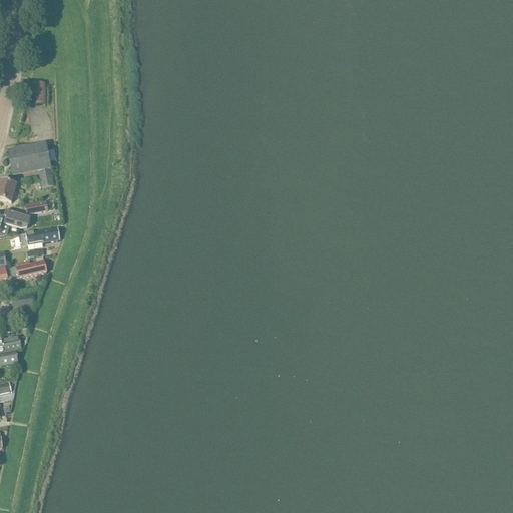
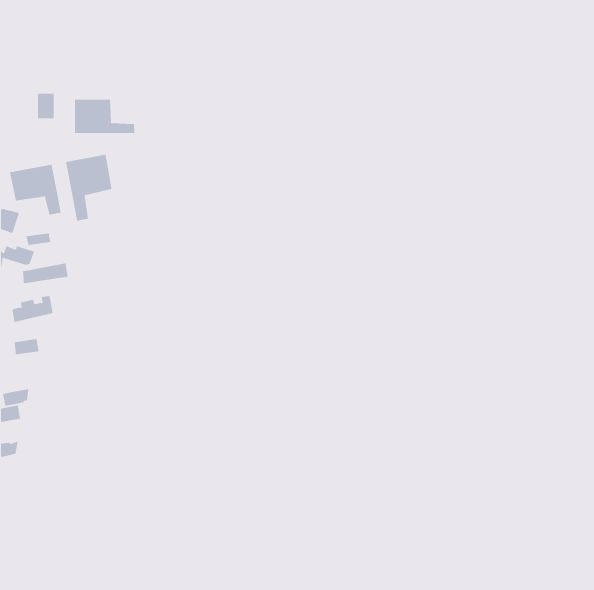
building: none -> [74,99,135,134]
building: none -> [65,154,112,221]

